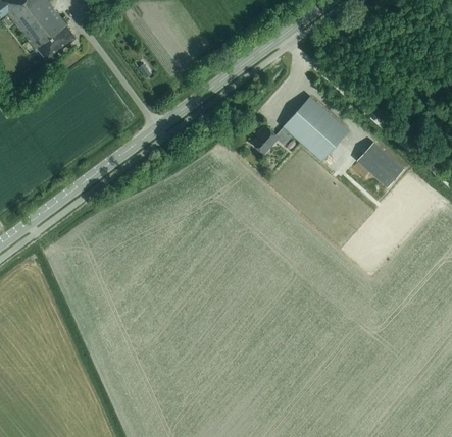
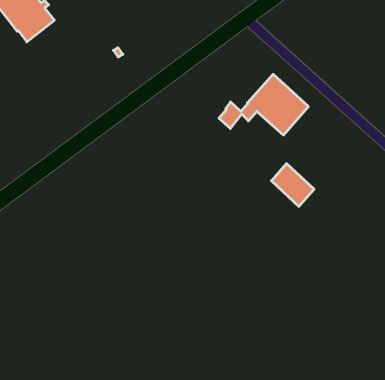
building: [357,142,403,187] -> [271,164,314,206]

